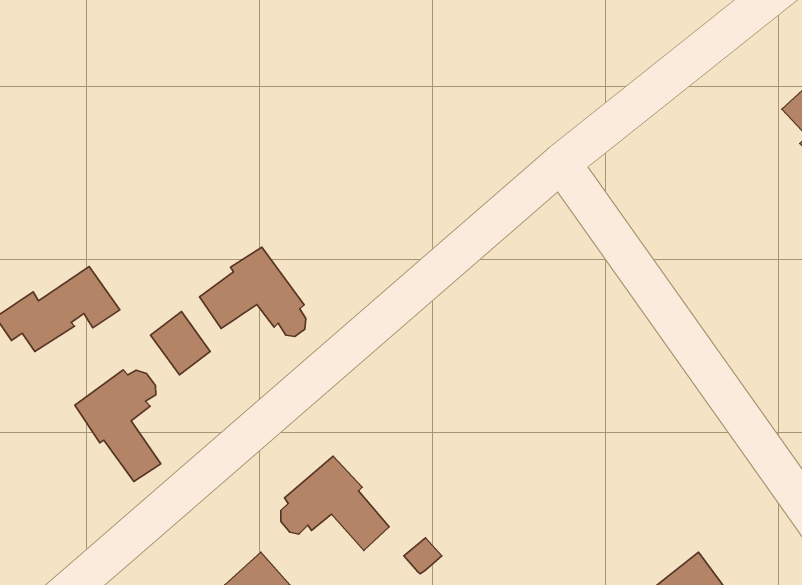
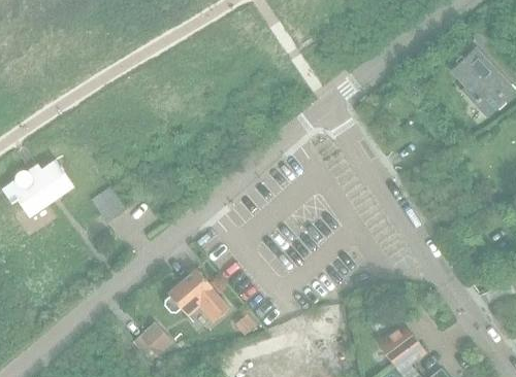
building: [200,247,306,337] -> none
building: [75,370,161,481] -> none

